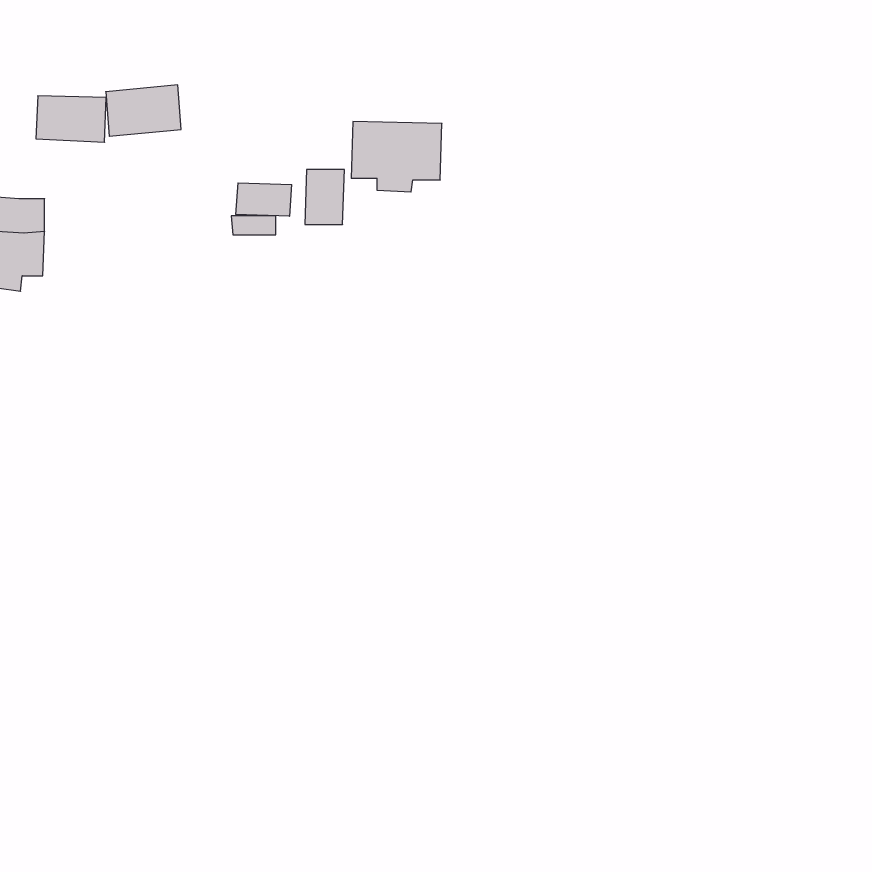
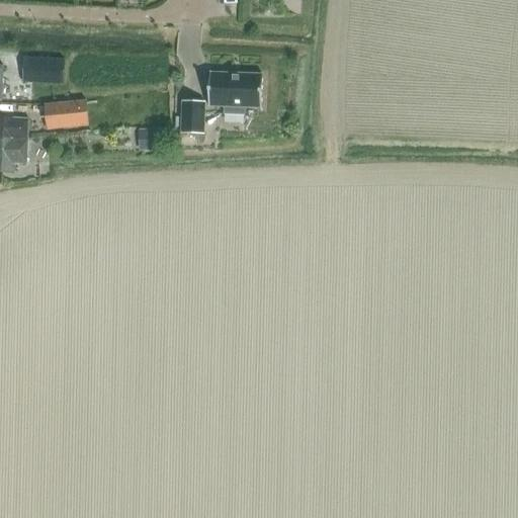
building: [106,85,181,136] -> [42,99,87,130]
building: [236,183,292,216] -> none

